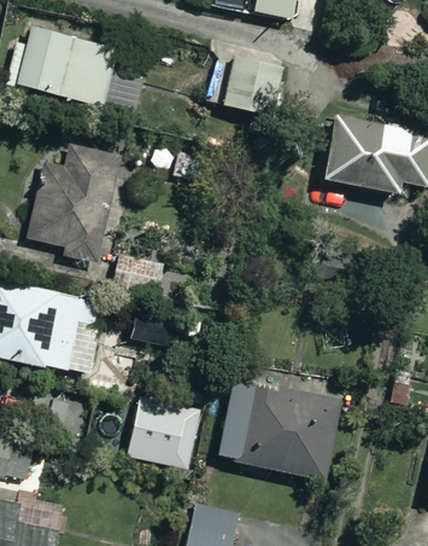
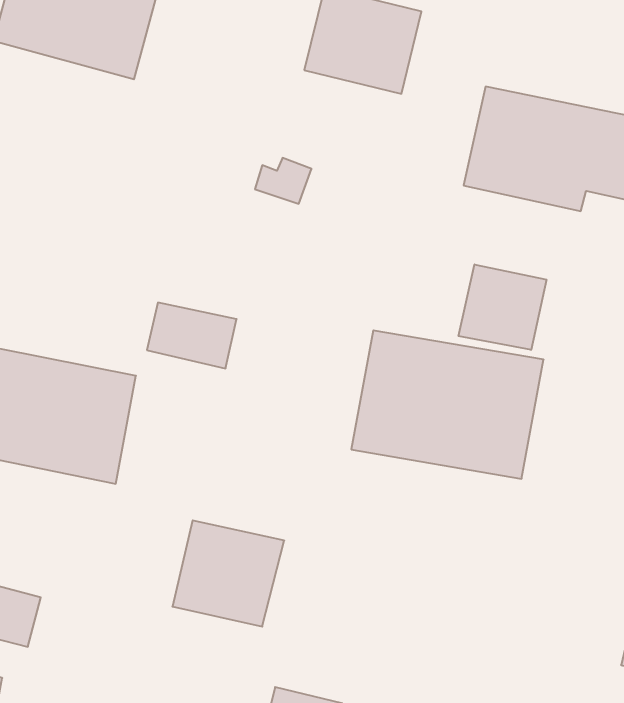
building: [25,143,124,256] -> none
building: none -> [459,264,546,350]
building: [212,381,339,478] -> [351,330,544,479]

